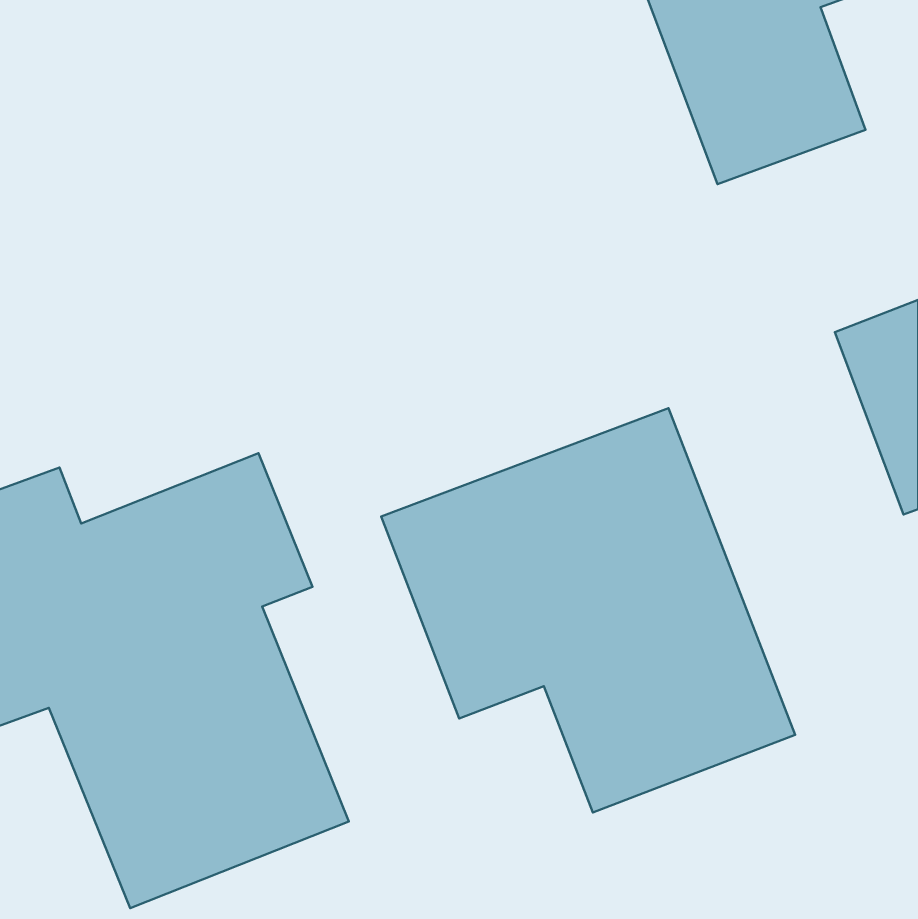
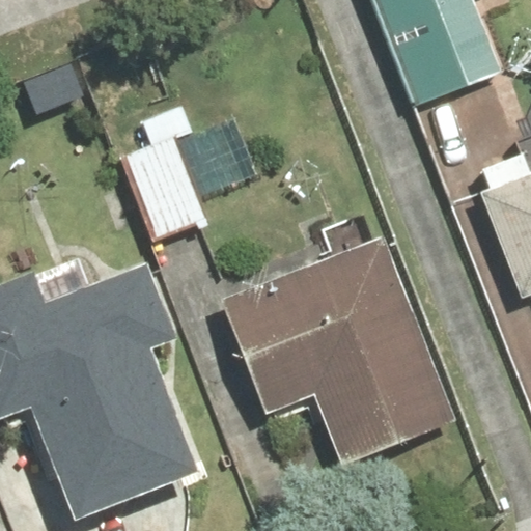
building: none -> [128,104,270,246]

